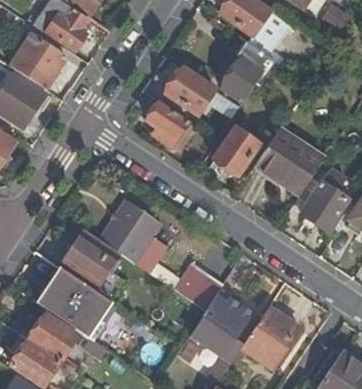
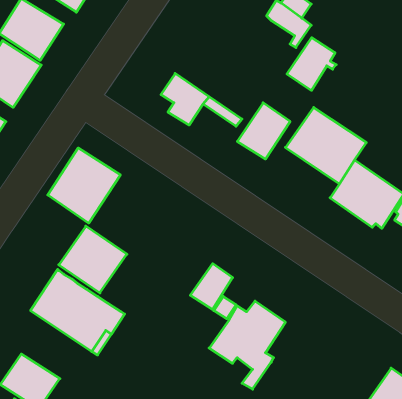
building: [221,56,263,101] -> [287,38,336,90]
building: [167,67,215,113] -> none
building: [100,200,162,264] -> [48,148,120,223]
building: [242,306,300,367] -> none
building: [29,314,79,361] -> none

